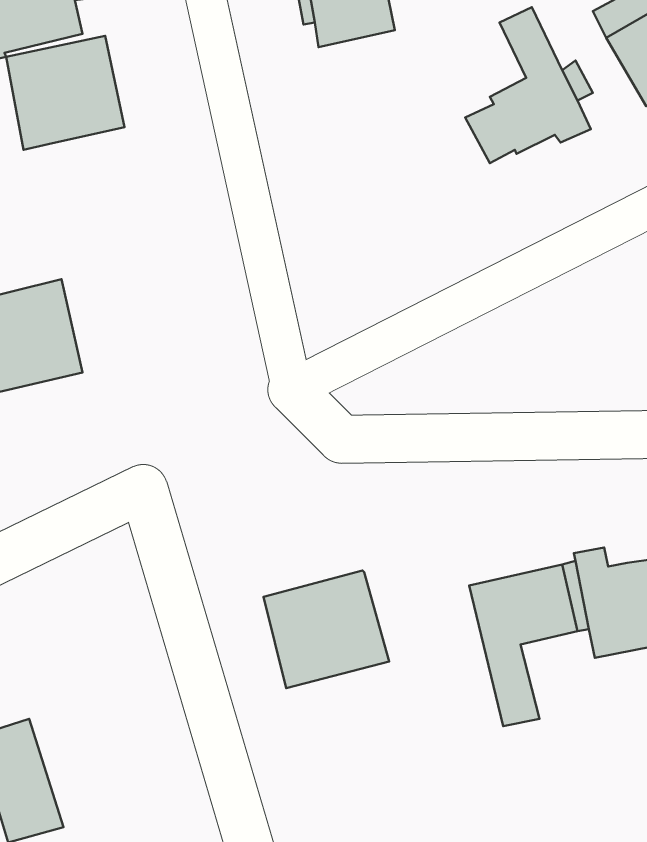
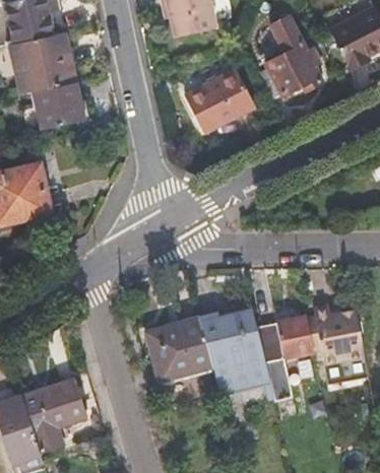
building: none -> [187,71,255,133]
building: none -> [18,81,80,128]
building: none -> [200,312,274,413]
building: none -> [21,380,88,455]

